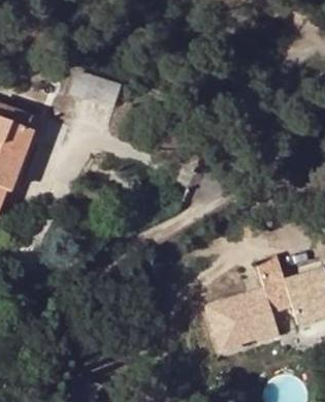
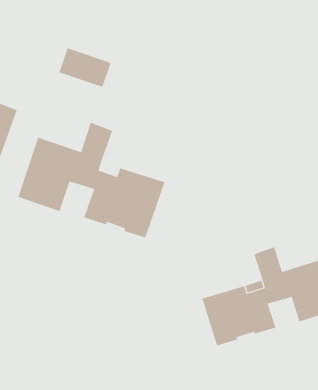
building: none -> [17,122,165,239]

